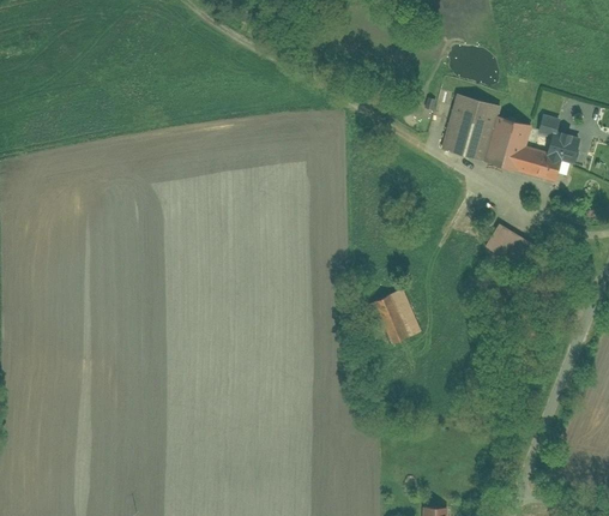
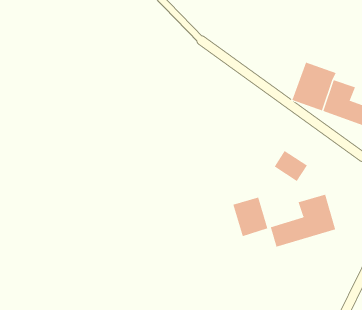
building: [487,226,535,269] -> [274,150,308,182]
building: none -> [270,194,336,248]

